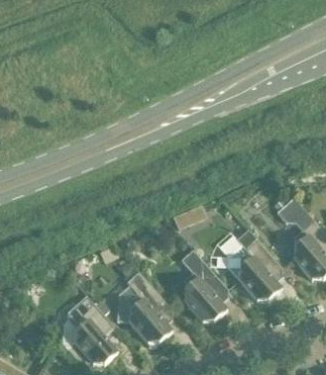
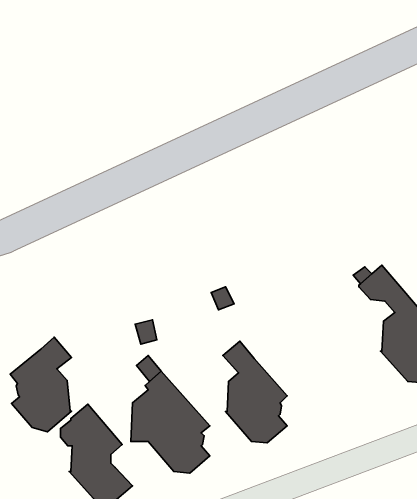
building: [227,231,283,303] -> none
building: none -> [10,337,72,432]

